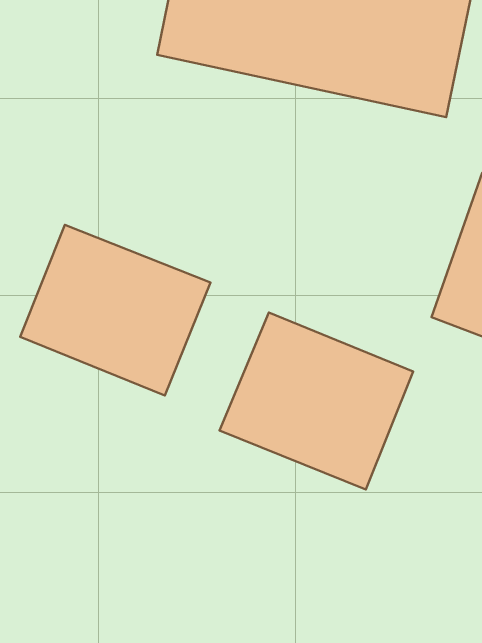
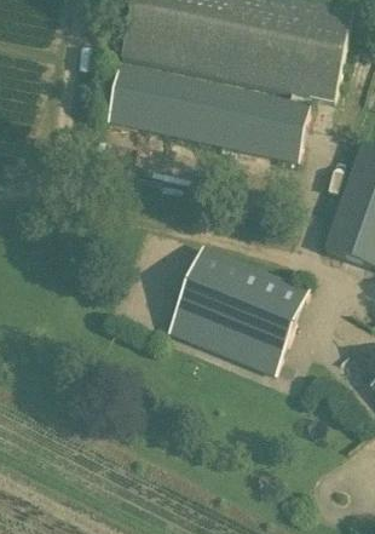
building: none -> [105,62,307,160]
building: [20,225,211,395] -> none

